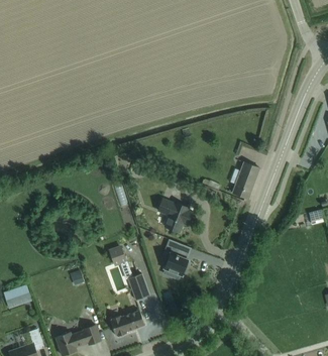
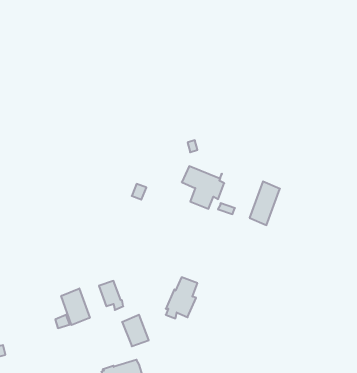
building: [156,198,192,233] -> [182,166,224,209]
building: none -> [61,288,90,325]

